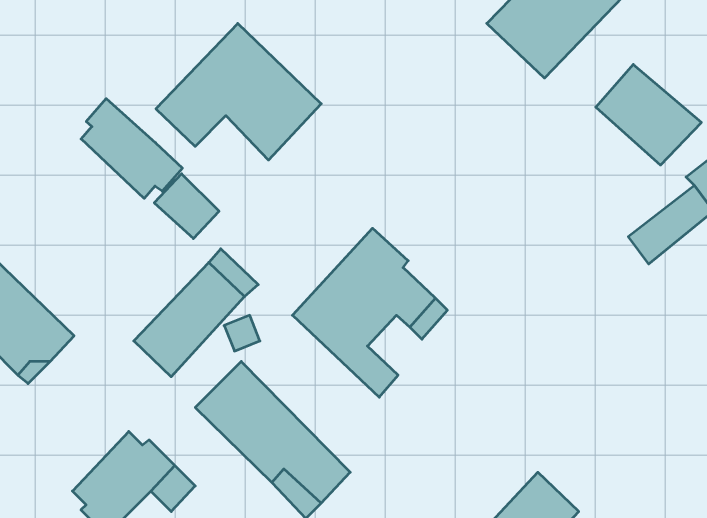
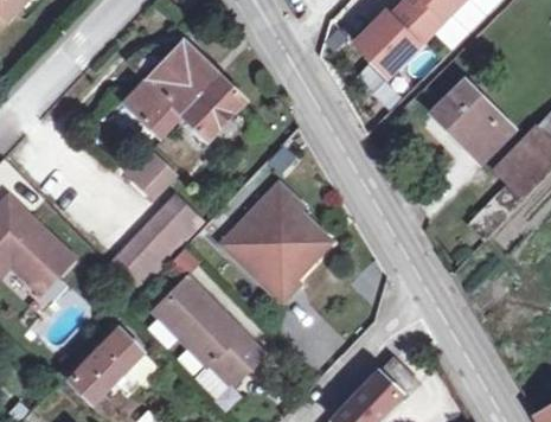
building: [81,99,182,198] -> none

